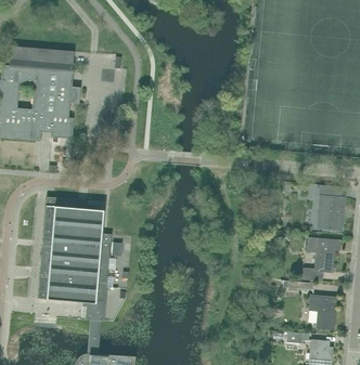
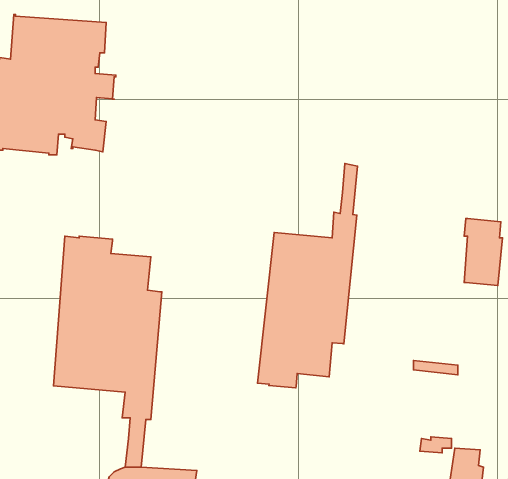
building: none -> [258,164,357,388]
building: [303,238,339,279] -> none
building: [308,296,335,328] -> none

